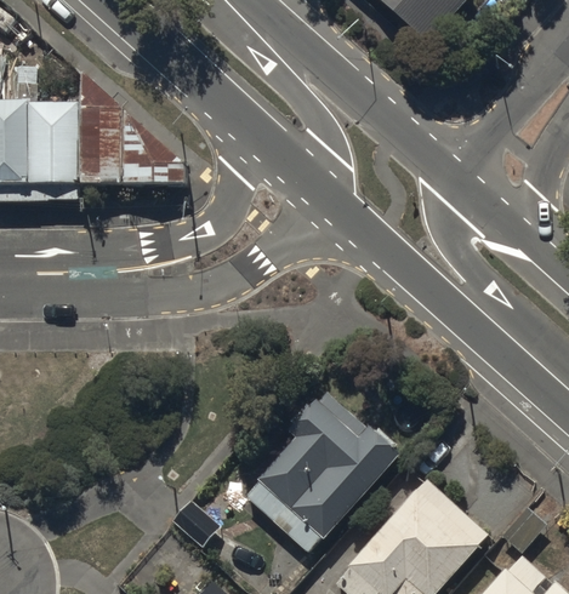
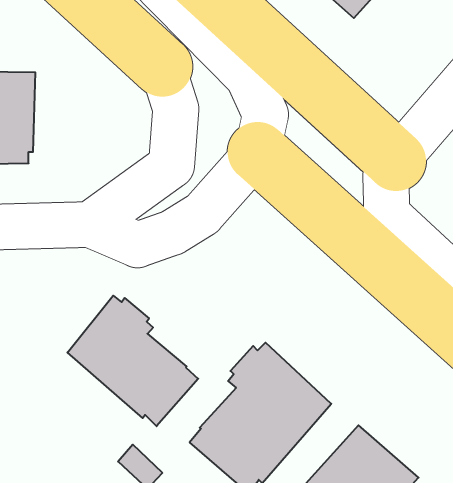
building: [81,74,184,190] -> none
building: none -> [67,296,198,426]

